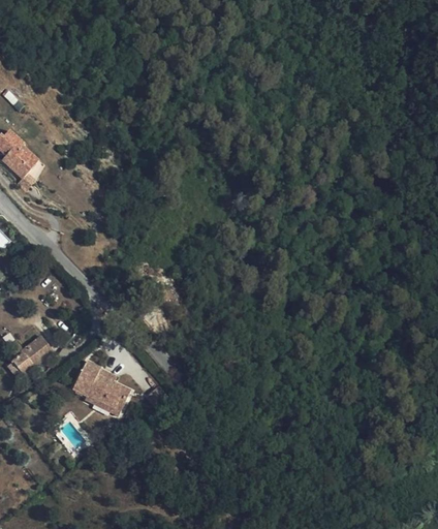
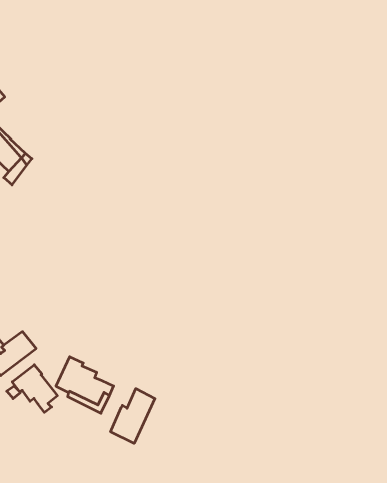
building: none -> [12,365,57,412]
building: none -> [111,389,155,443]

